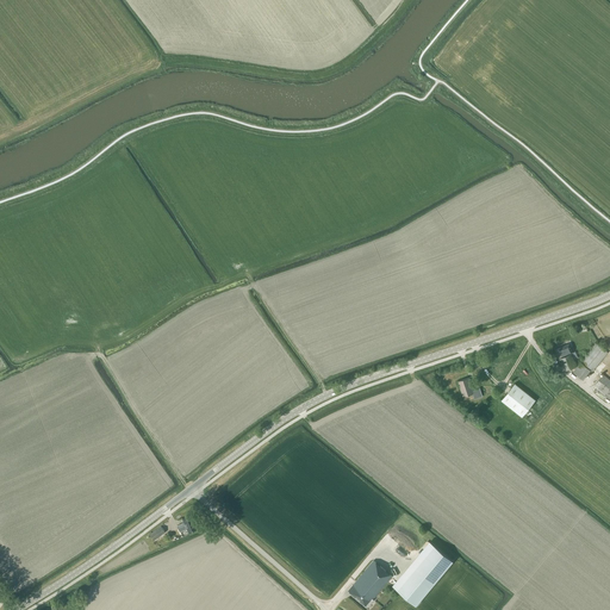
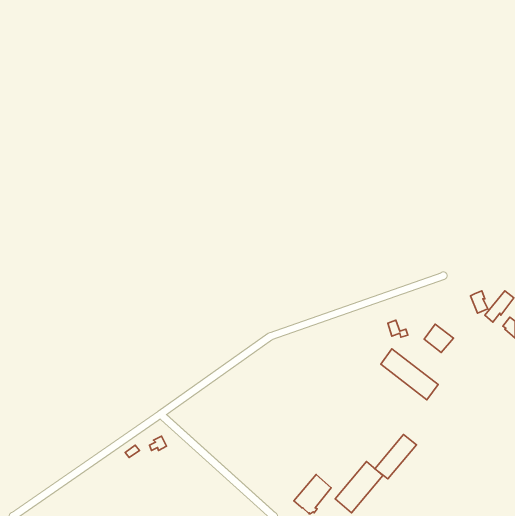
building: none -> [381,349,438,400]
building: none -> [375,435,416,479]

